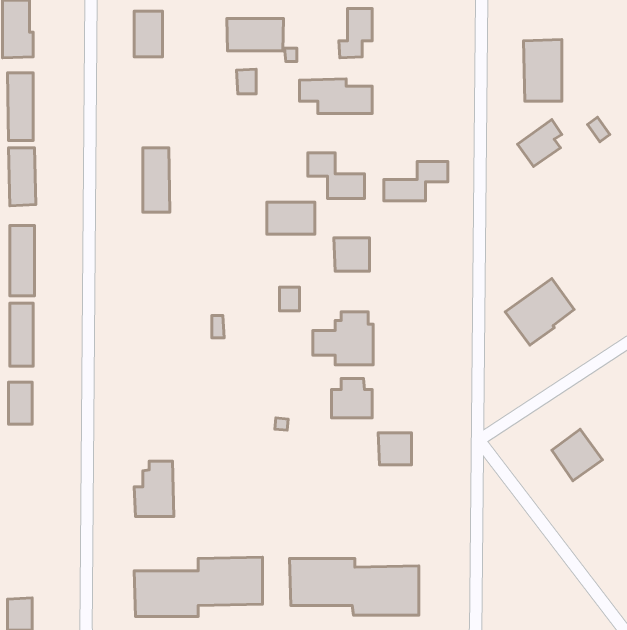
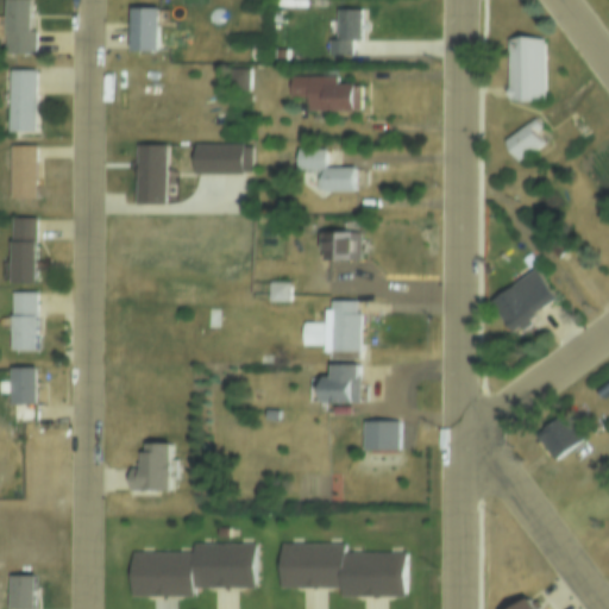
building: [227,19,283,51] -> none
building: [384,161,448,201] -> none
building: [267,202,315,234] -> [196,142,243,172]

